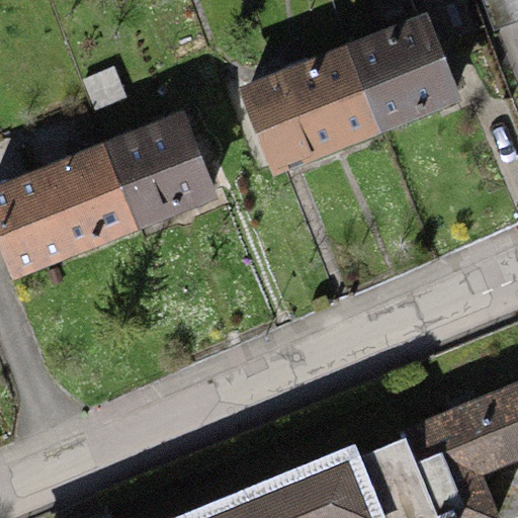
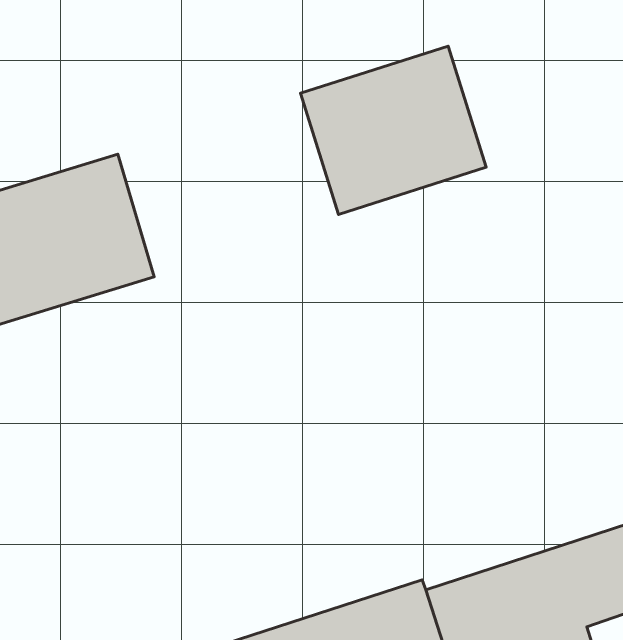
building: [346,13,461,134] -> none
building: [106,112,218,232] -> none

